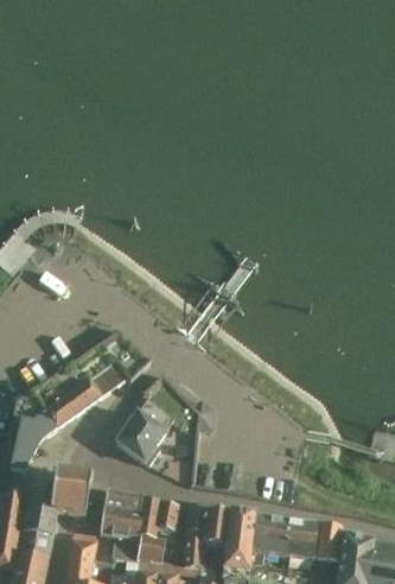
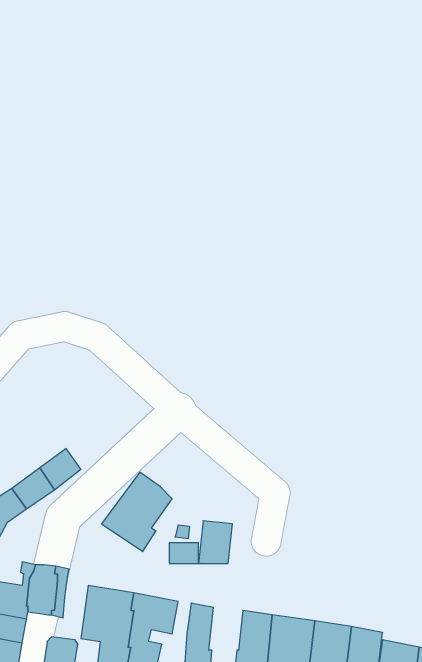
building: [87,361,126,396] -> none
building: [202,508,229,542] -> [199,521,232,563]

